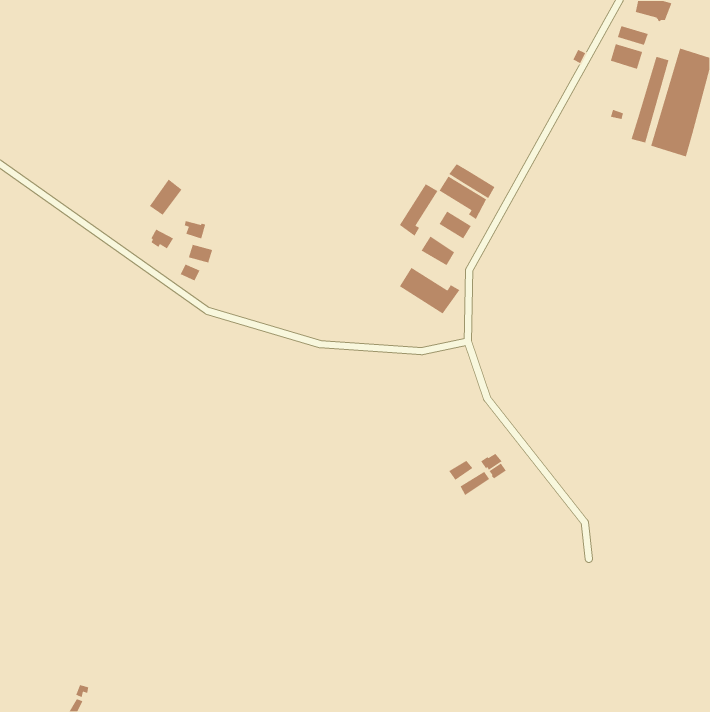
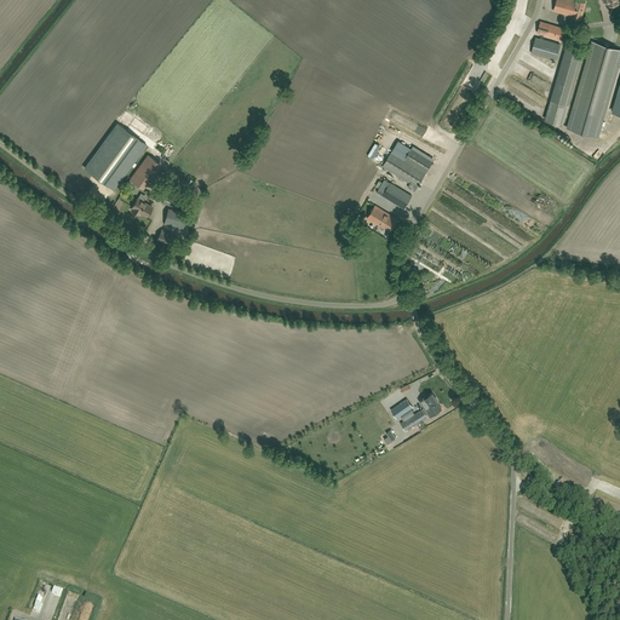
building: none -> [84,124,145,190]
building: [399,183,439,237] -> none
building: [399,267,460,314] -> none

